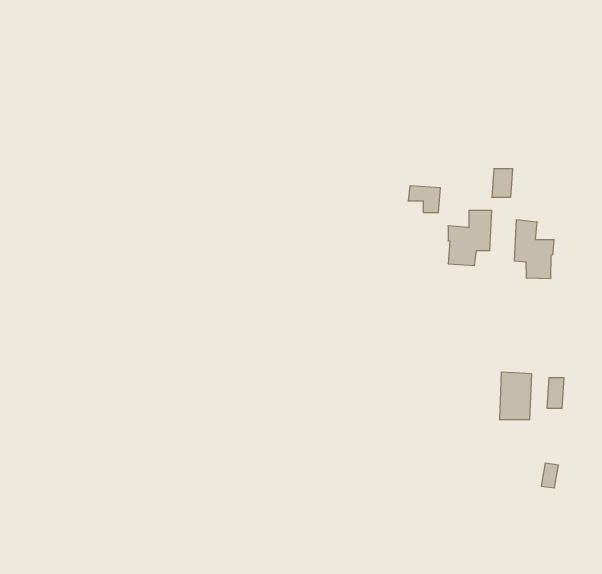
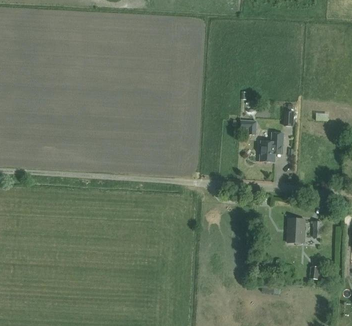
building: [514,220,554,279] -> none

